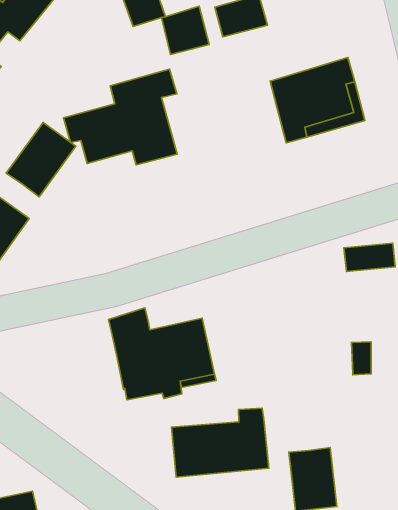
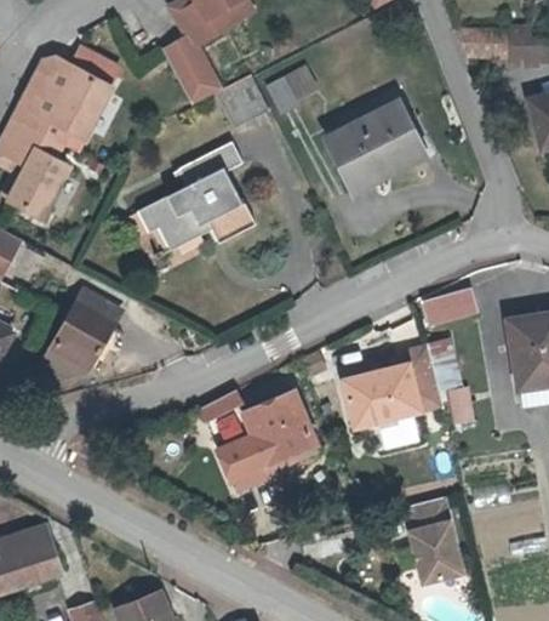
building: [6,123,76,197] -> none
building: [172,408,269,477] -> [343,344,445,426]

